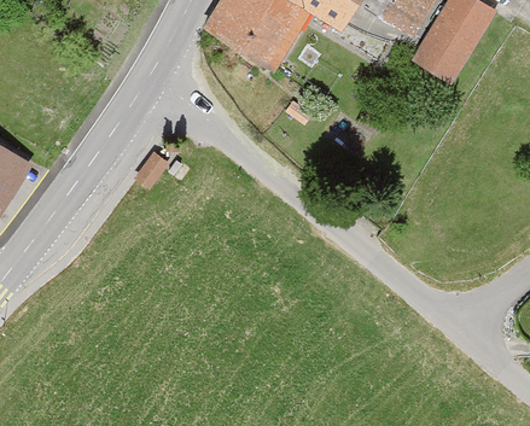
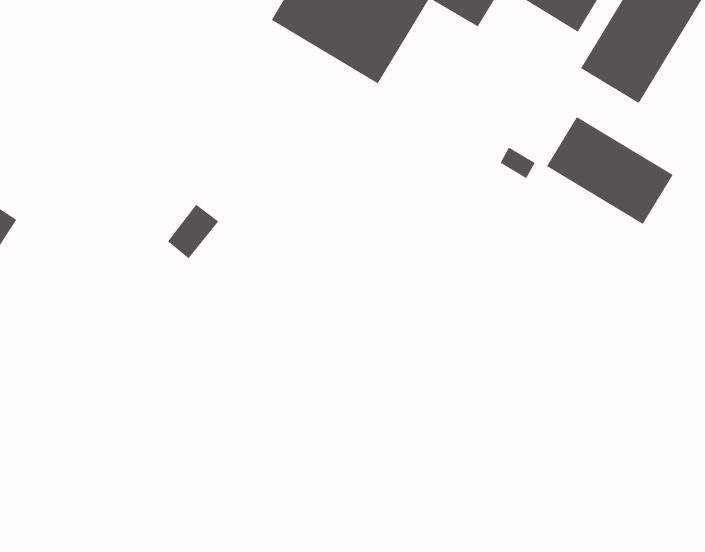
building: none -> [546,116,673,225]

